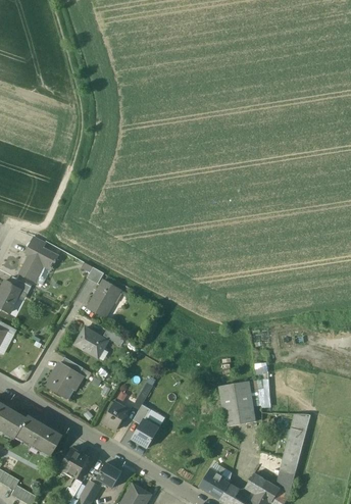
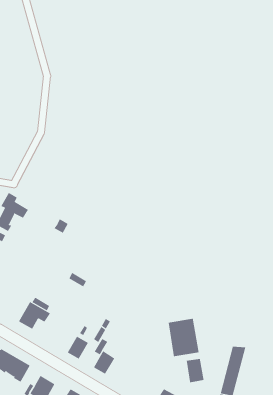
building: [88,280,121,317] -> none
building: [76,327,108,358] -> none
building: none -> [186,358,204,383]

